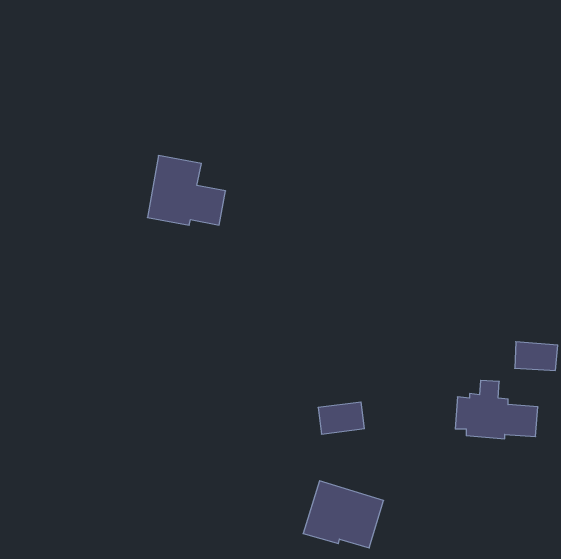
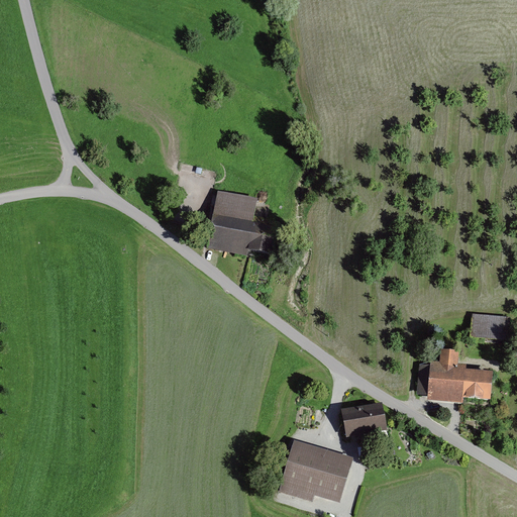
building: [147,156,226,225] -> [207,191,279,254]
building: [318,402,364,434] -> [342,405,385,434]

